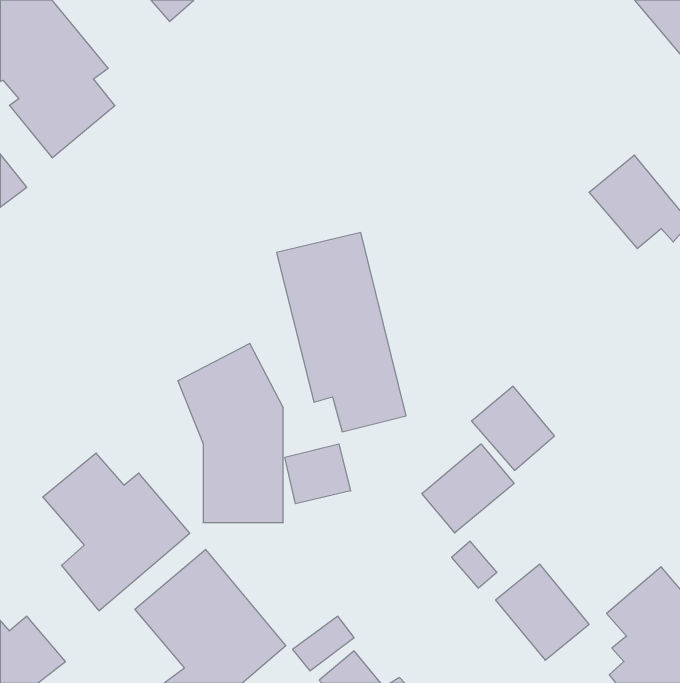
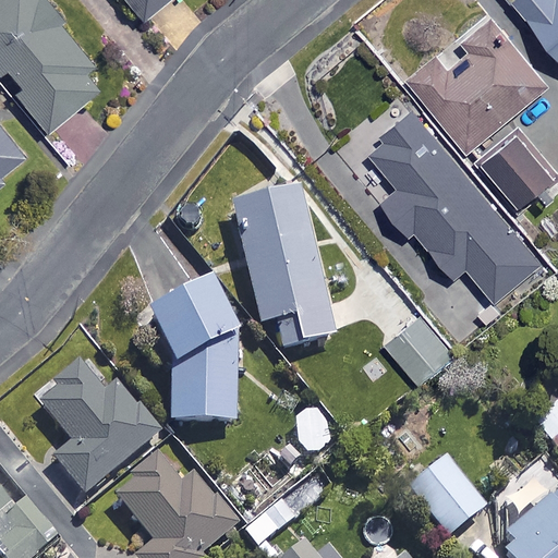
building: none -> [408,14,548,149]
building: none -> [371,107,543,301]
building: [285,444,351,504] -> none
building: [422,444,514,533] -> none

